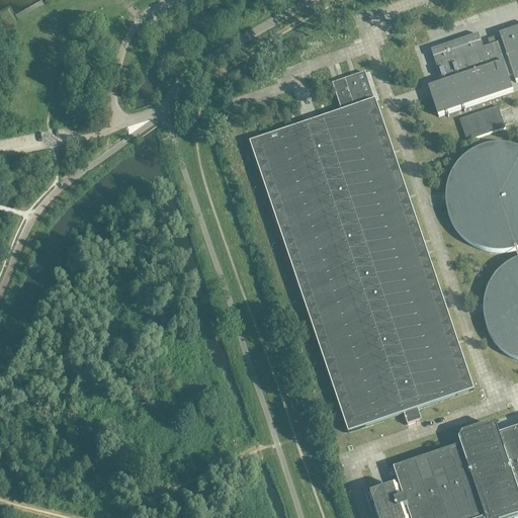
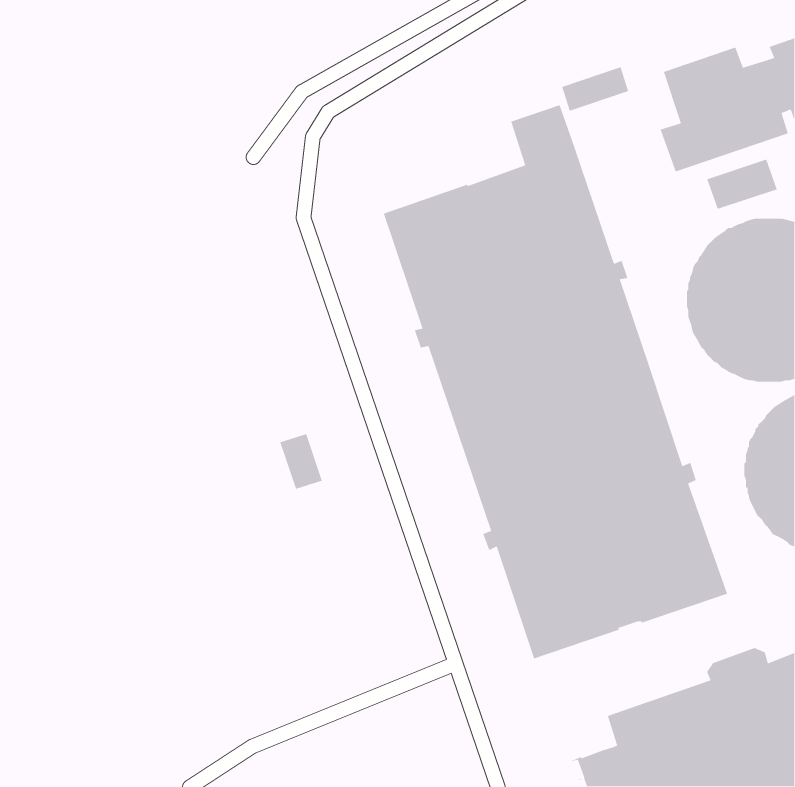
building: none -> [561,66,629,112]
building: none -> [279,433,323,490]

